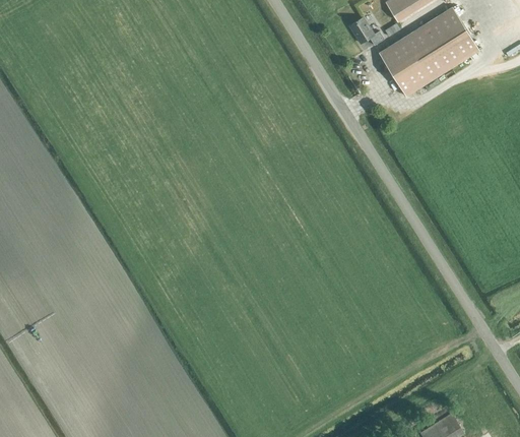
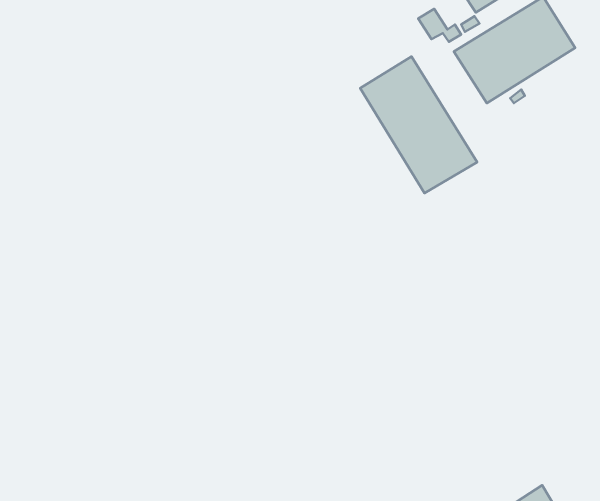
building: none -> [360,56,477,193]

